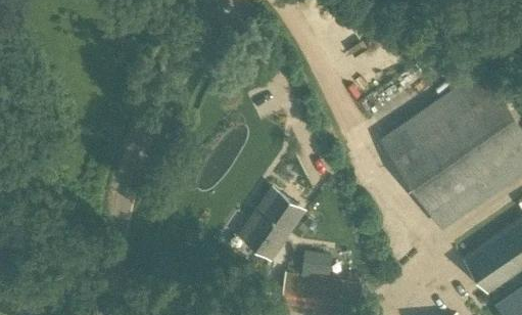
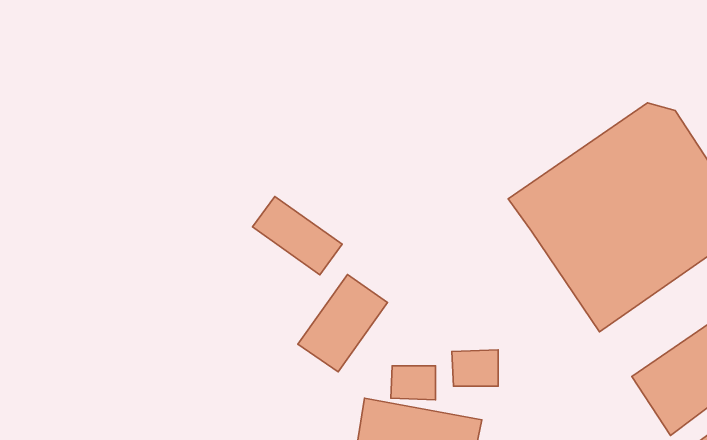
building: none -> [253,196,342,275]
building: none -> [452,350,498,386]

